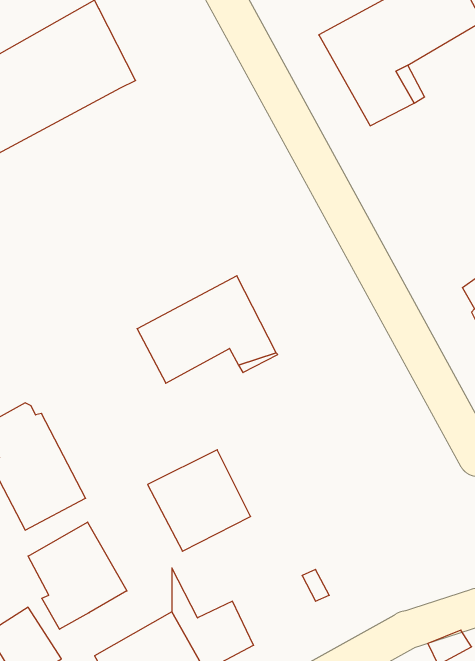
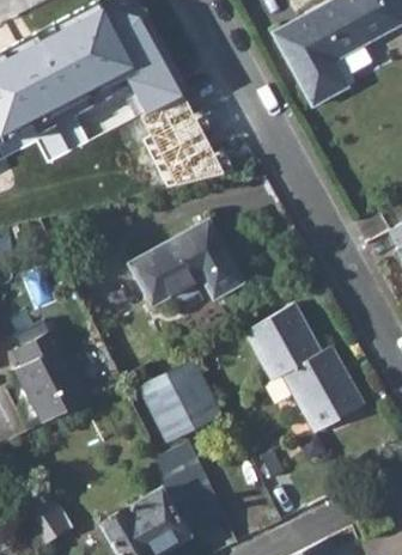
building: none -> [102,11,224,184]
building: none -> [248,306,364,433]
building: [28,522,127,629] -> none
building: none -> [159,438,207,492]

